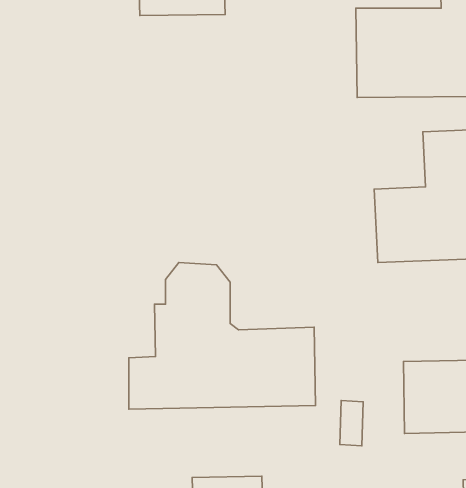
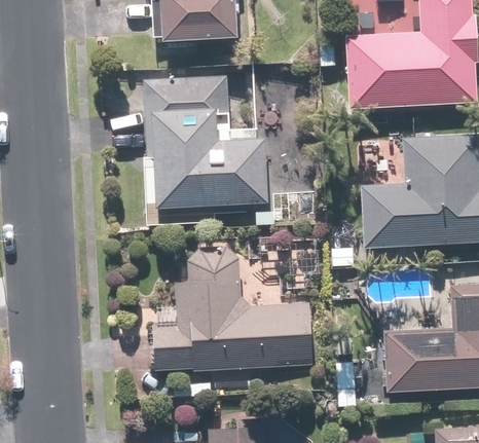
building: none -> [146,74,266,205]

